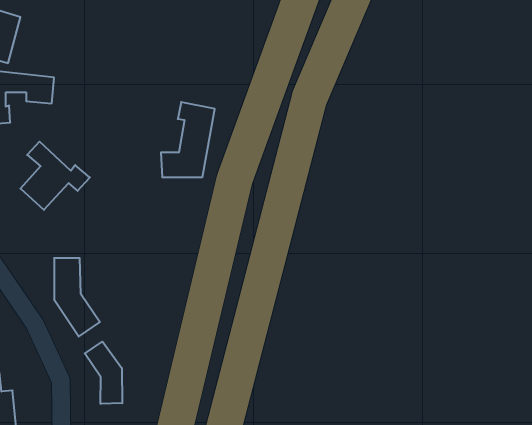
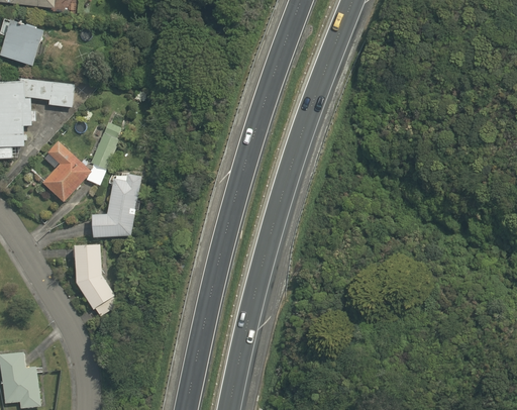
building: [161,102,215,177] -> [92,169,140,236]
building: [85,342,122,404] -> none

